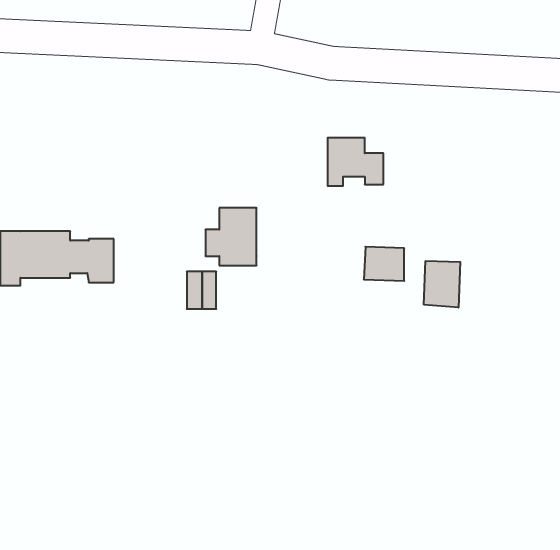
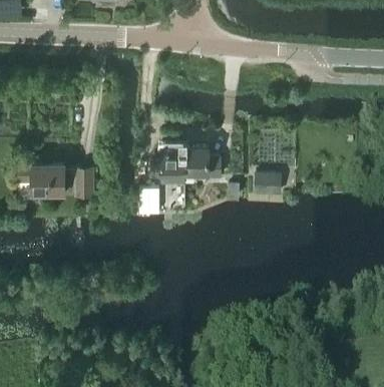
building: [328,138,383,186] -> [183,147,220,178]
building: [424,261,460,308] -> none

